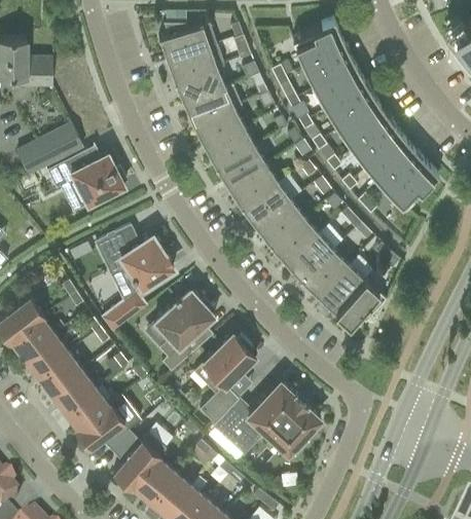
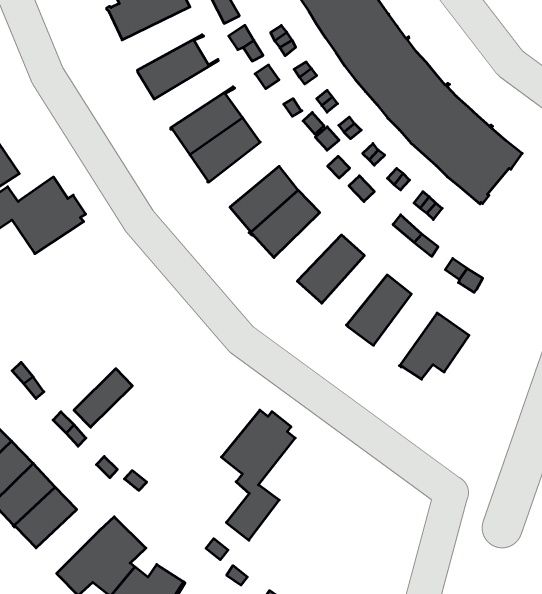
building: [167,45,223,85] -> none
building: [184,85,241,128] -> none
building: [216,146,266,189] -> none
building: [255,200,304,247] -> none
building: [97,227,174,290] -> none
building: [285,234,333,282] -> none
building: [318,265,365,314] -> none
building: [153,289,215,372] -> none
building: [213,382,320,456] -> none
building: [64,388,110,432] -> none

